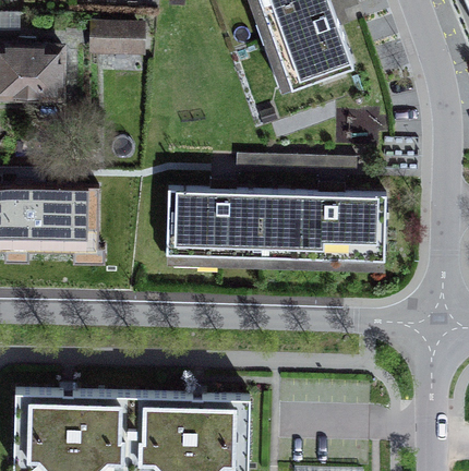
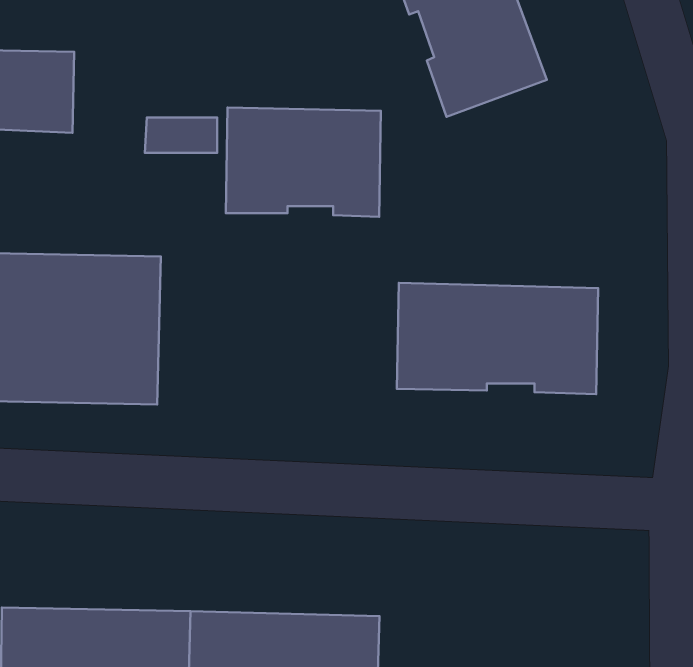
building: [93,29,137,51] -> [145,117,217,153]
building: [165,191,261,258] -> [226,107,381,217]

